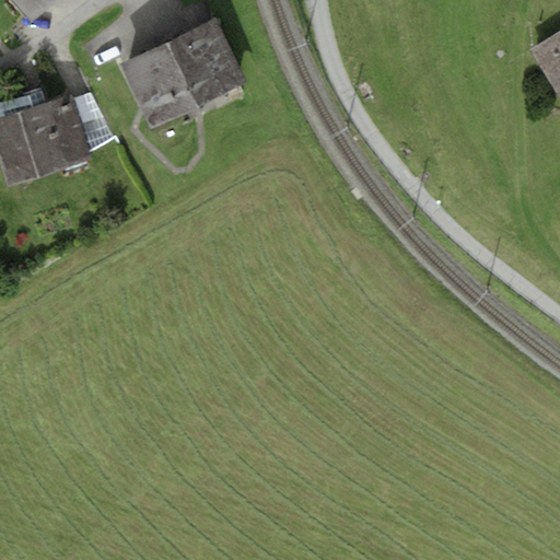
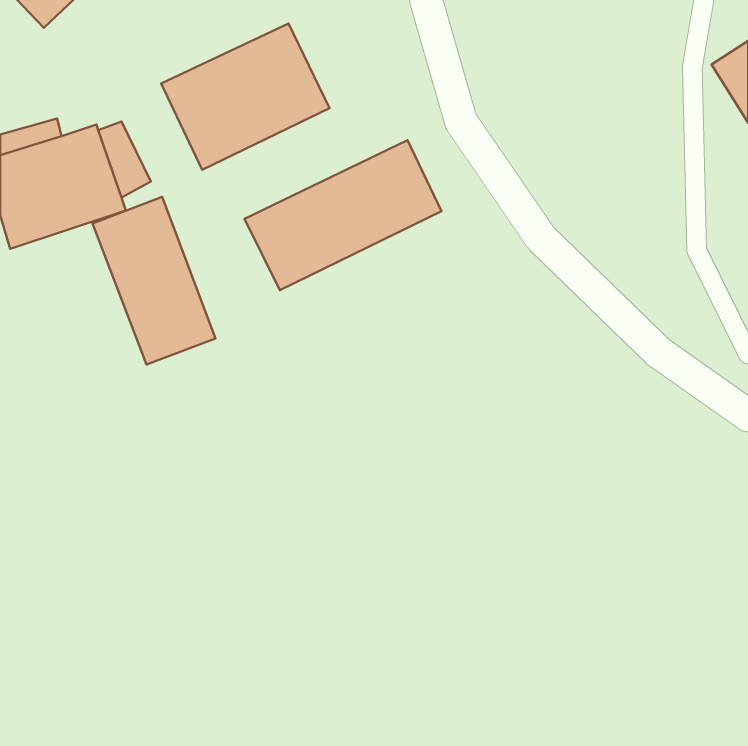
building: none -> [244,140,442,290]
building: none -> [92,197,215,364]

